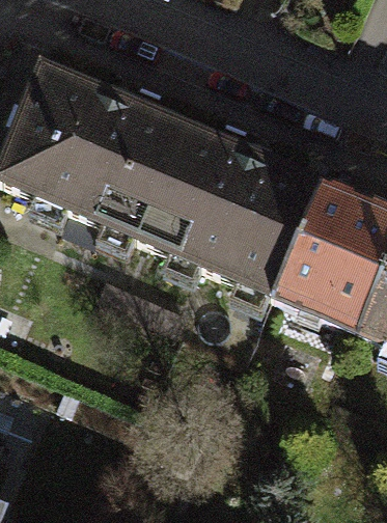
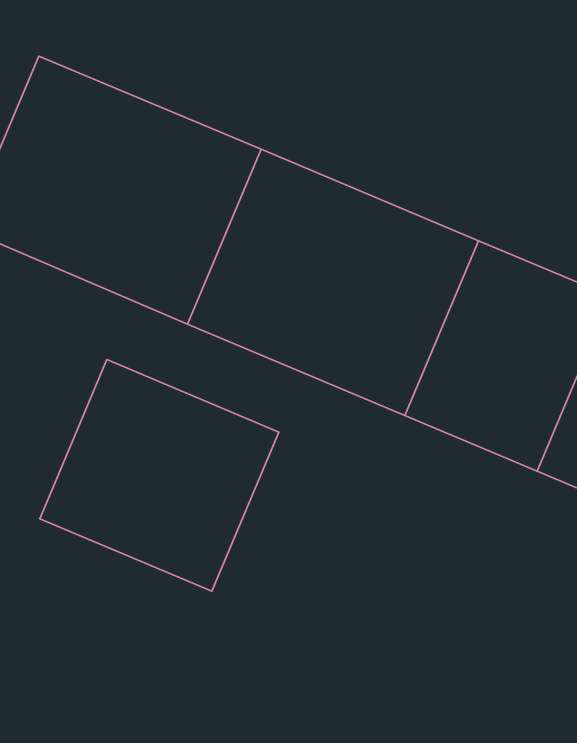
building: none -> [40,360,279,591]

